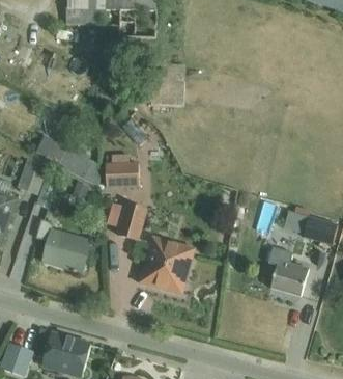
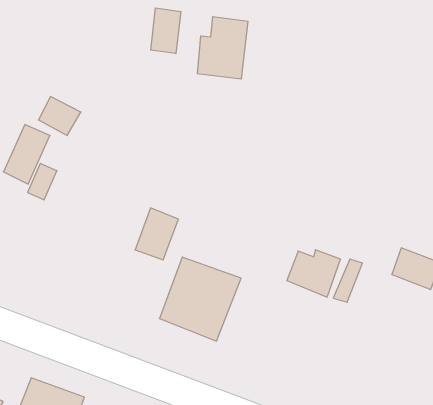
building: none -> [151,8,181,54]
building: [105,160,139,188] -> none
building: [35,218,90,272] -> none
building: [270,263,308,296] -> [287,250,341,297]

